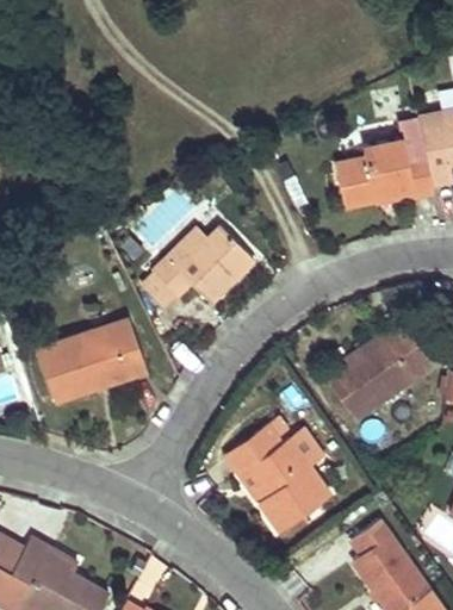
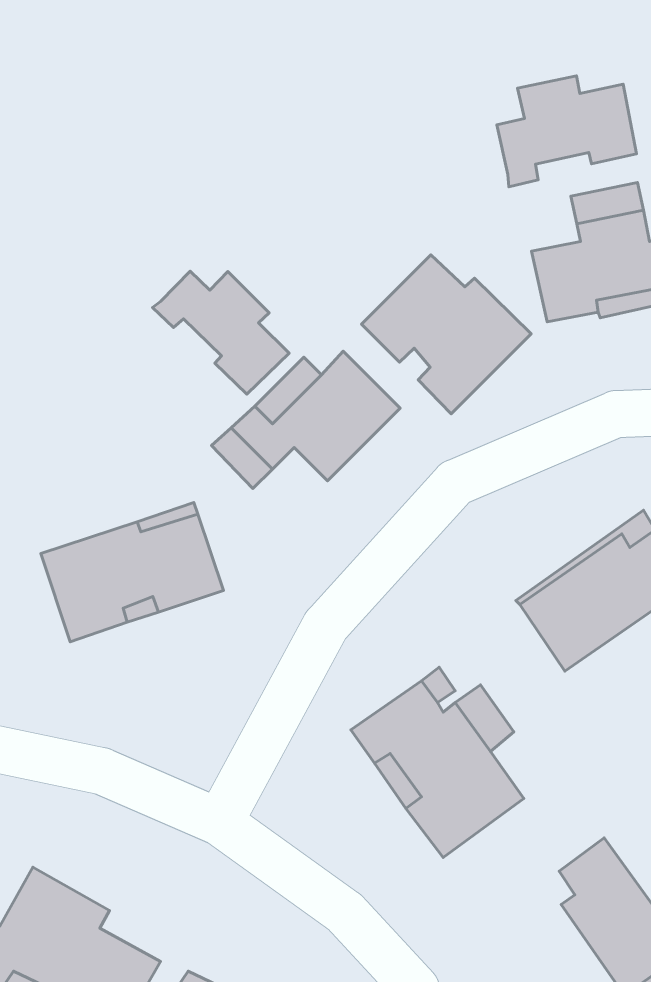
building: none -> [497,76,636,187]
building: none -> [361,255,531,414]
building: none -> [152,271,289,394]

